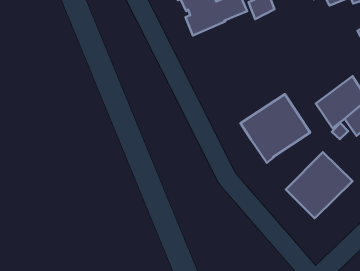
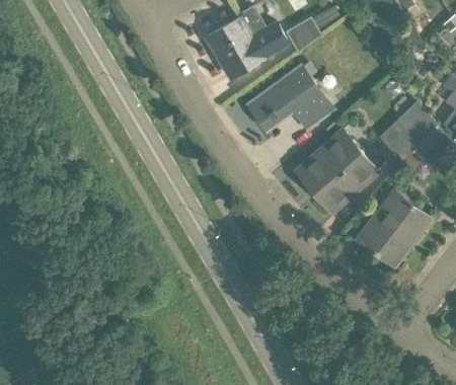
building: none -> [248,66,333,131]

